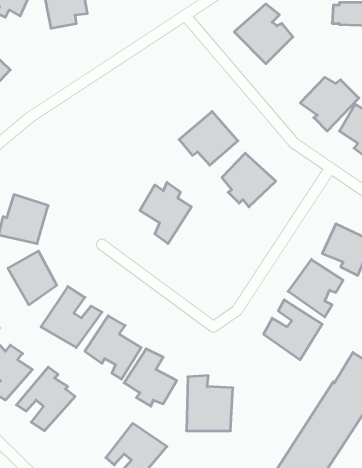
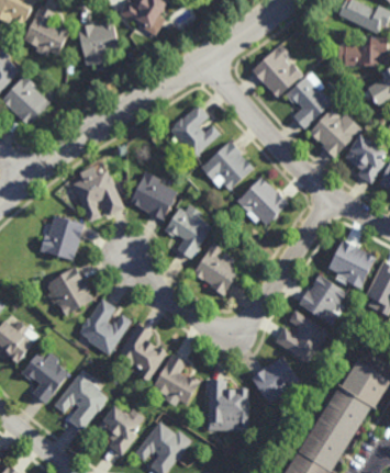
building: none -> [285,72,332,127]
building: none -> [168,106,218,158]
building: none -> [73,171,123,222]
building: none -> [129,171,176,221]
building: none -> [193,244,239,296]
building: none -> [252,357,303,403]
building: none -> [96,405,138,454]

